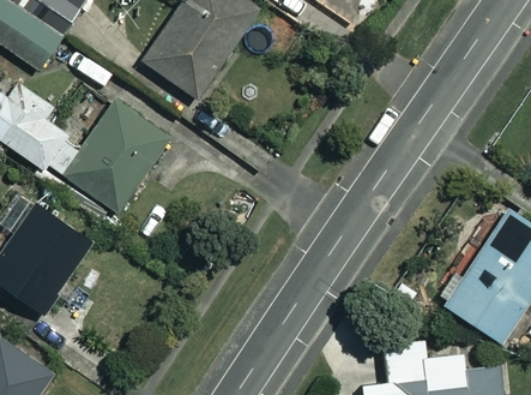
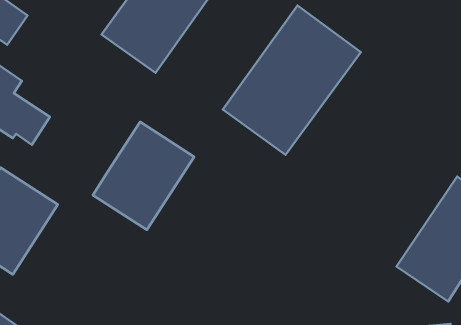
building: none -> [223,6,361,155]
building: [64,98,171,214] -> [93,122,194,230]

